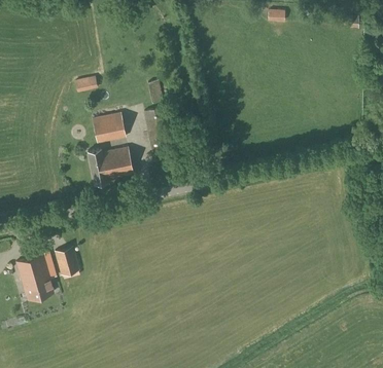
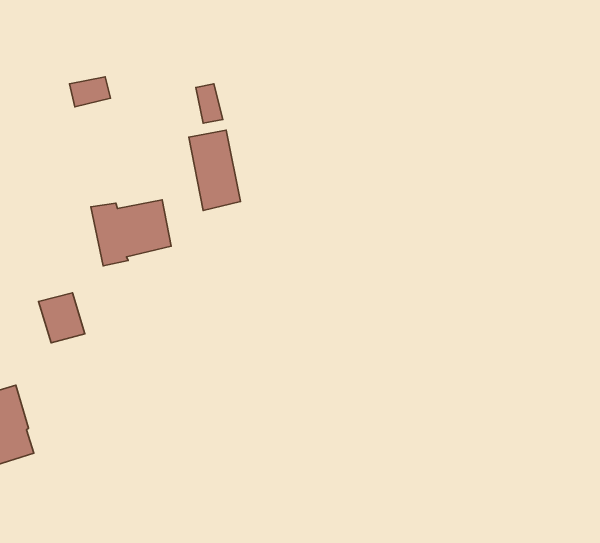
building: [92,112,126,144] -> none
building: [54,247,80,275] -> [39,293,85,343]

